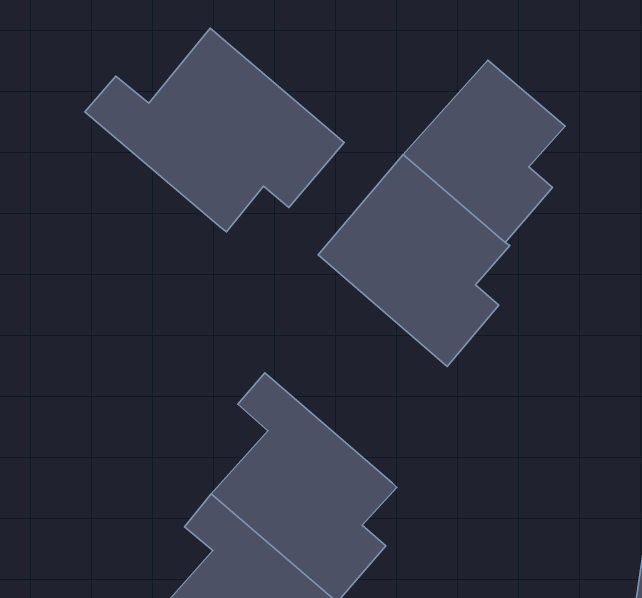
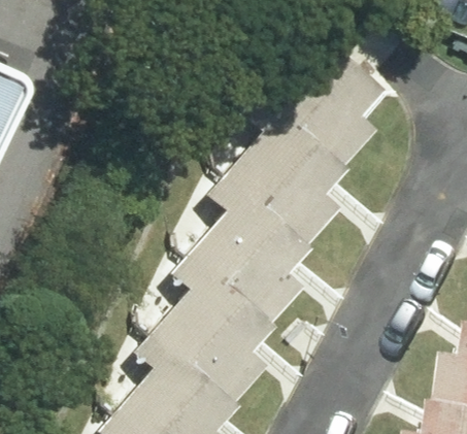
building: [85,28,344,232] -> none
building: none -> [188,175,308,325]

